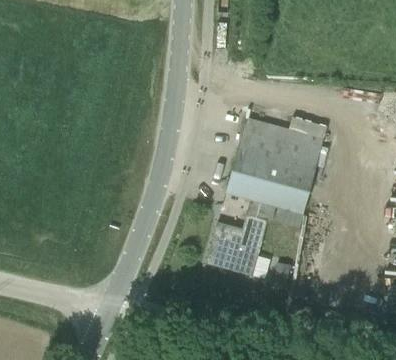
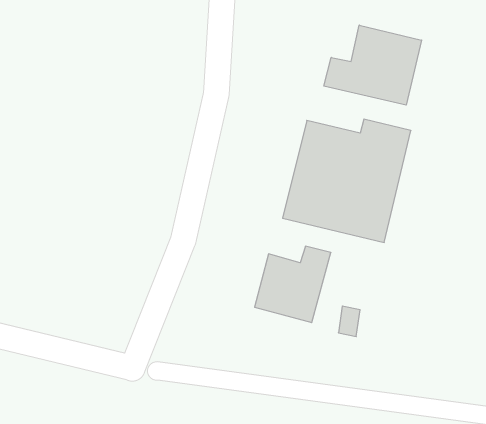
building: none -> [324,25,422,105]

